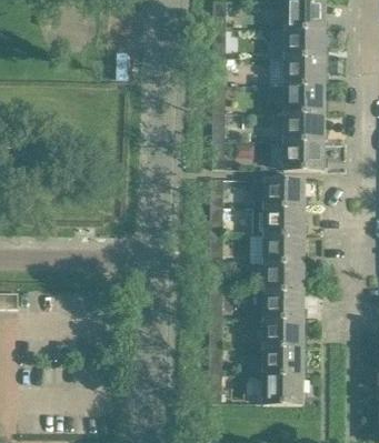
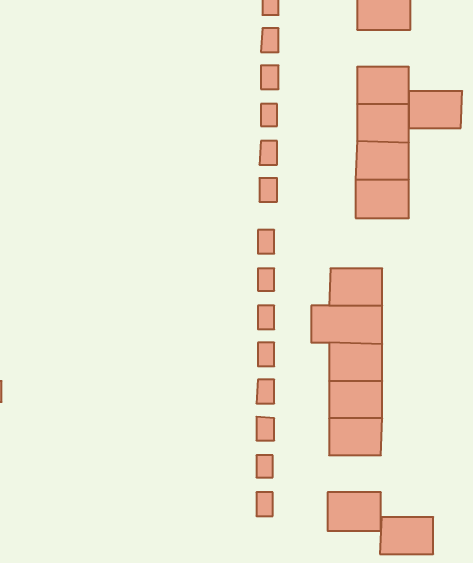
building: [285,29,325,57] -> [409,91,462,128]
building: [250,179,305,208] -> none
building: [262,348,302,375] -> [380,517,433,554]

